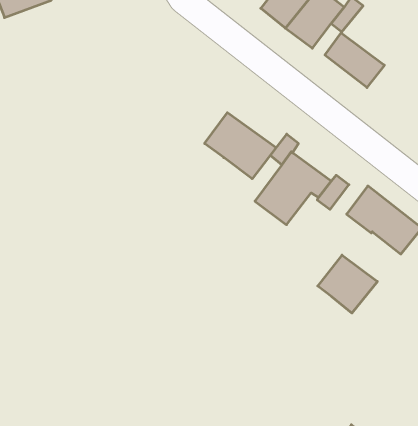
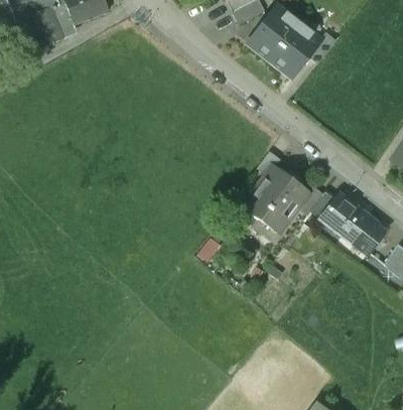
building: [325,33,384,88] -> none
building: [205,113,276,179] -> none
building: [318,255,377,313] -> none

